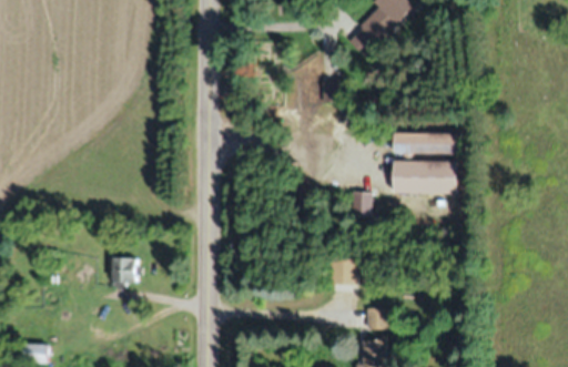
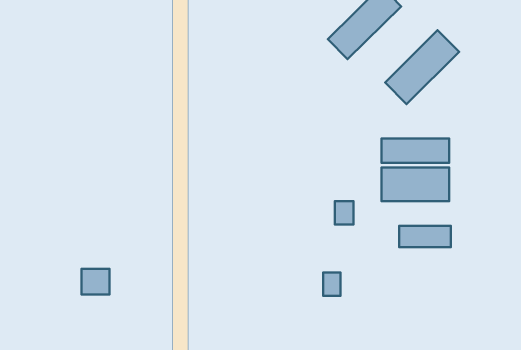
building: none -> [385,30,459,104]
building: none -> [399,226,451,247]
building: [366,306,387,328] -> none

